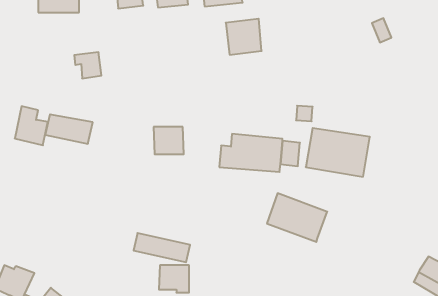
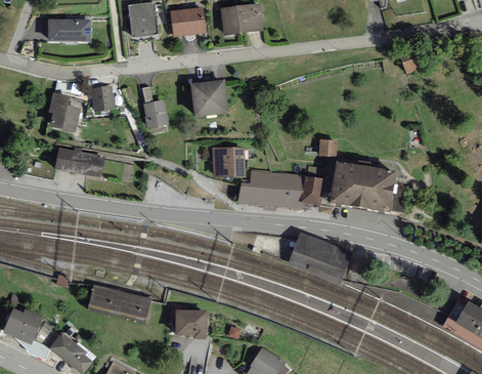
building: [226,19,262,55] -> [190,80,228,118]
building: none -> [142,99,169,127]
building: [15,106,48,145] -> [46,91,81,132]
building: [154,127,184,154] -> [213,148,245,176]
building: [134,233,190,262] -> [90,289,149,320]

